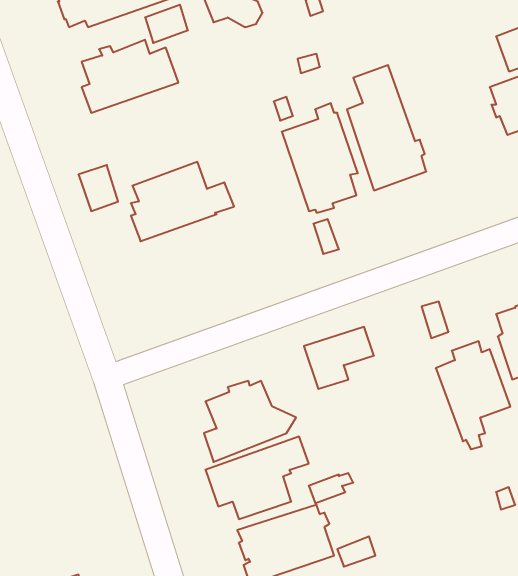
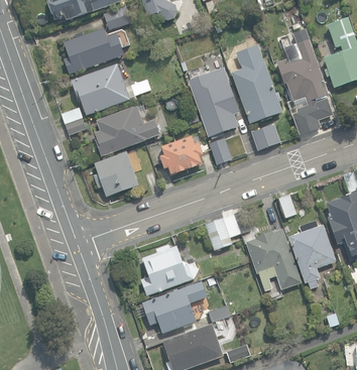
building: none -> [276,39,333,135]
building: none -> [72,65,152,115]
building: none -> [251,124,279,150]
building: none -> [159,135,204,174]
building: none -> [93,151,139,197]
building: none -> [246,229,302,291]

